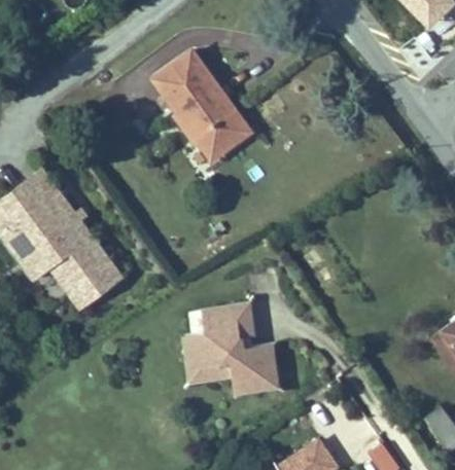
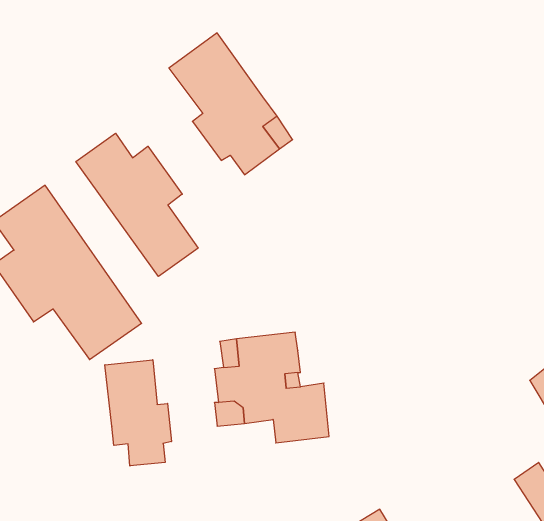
building: none -> [76,133,198,276]
building: none -> [105,360,171,466]

